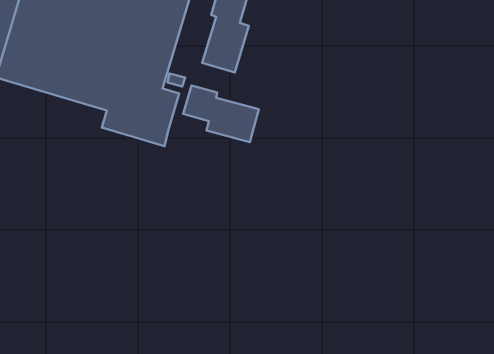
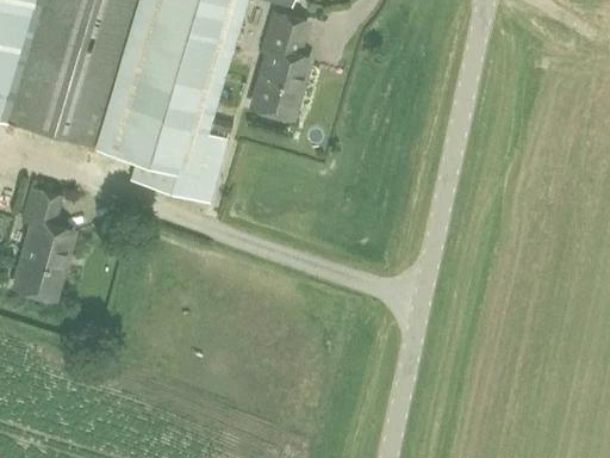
building: [183,85,259,142] -> none
building: none -> [14,188,69,296]

